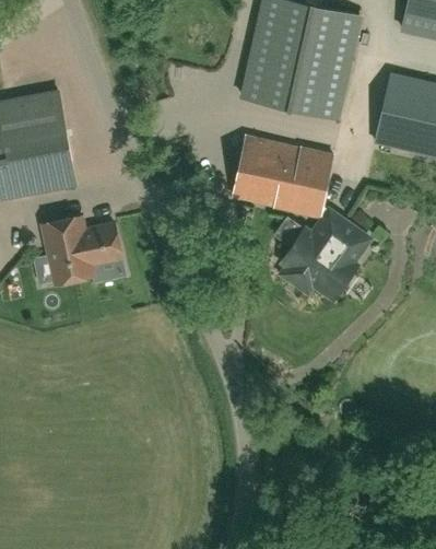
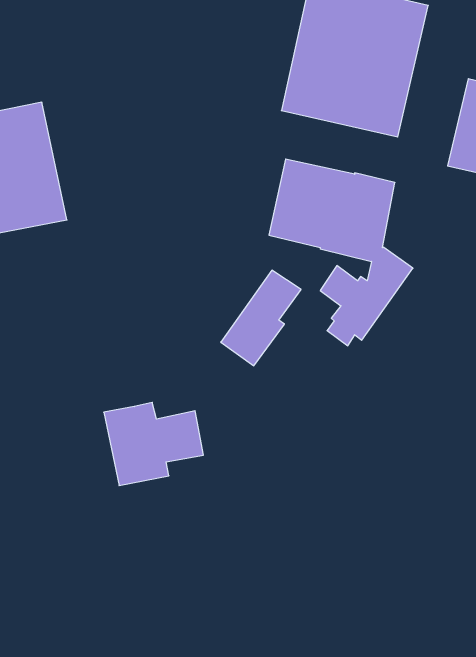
building: [43,218,121,283] -> [104,402,203,486]
building: [307,223,370,299] -> [221,270,301,366]

